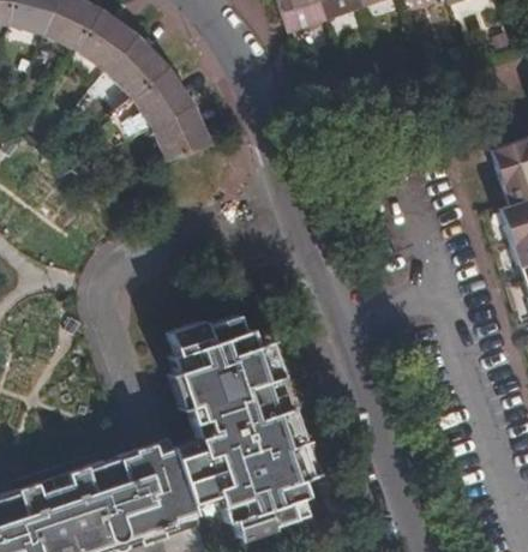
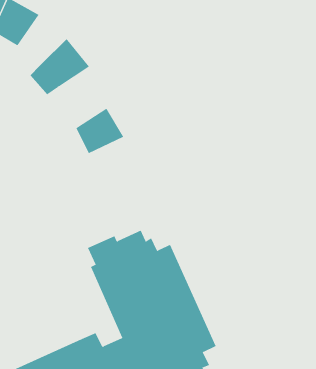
building: [109,36,172,98] -> none
building: [155,107,215,162] -> [75,108,124,154]

